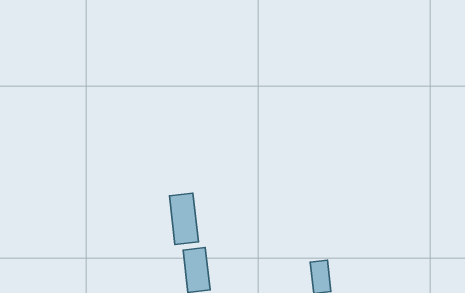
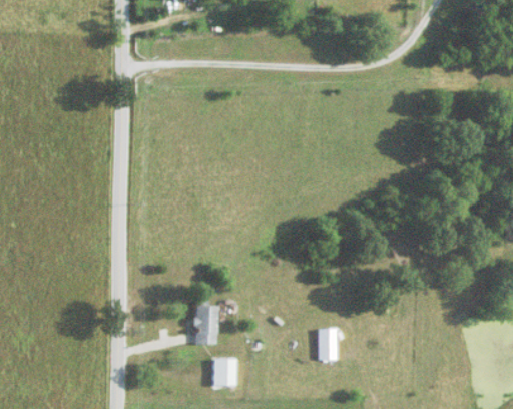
building: [169,193,199,244] -> none

